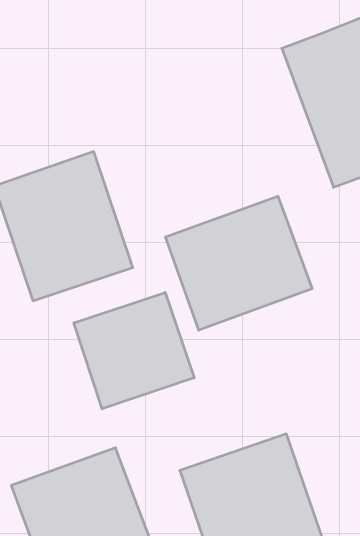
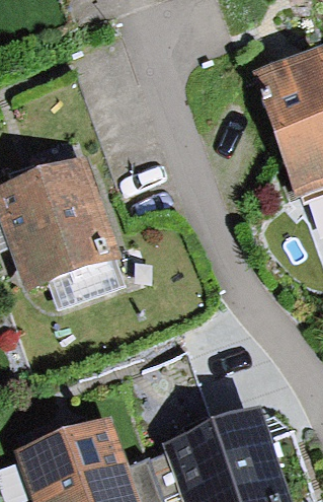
building: [165,196,312,330] -> none
building: [74,292,194,409] -> none

